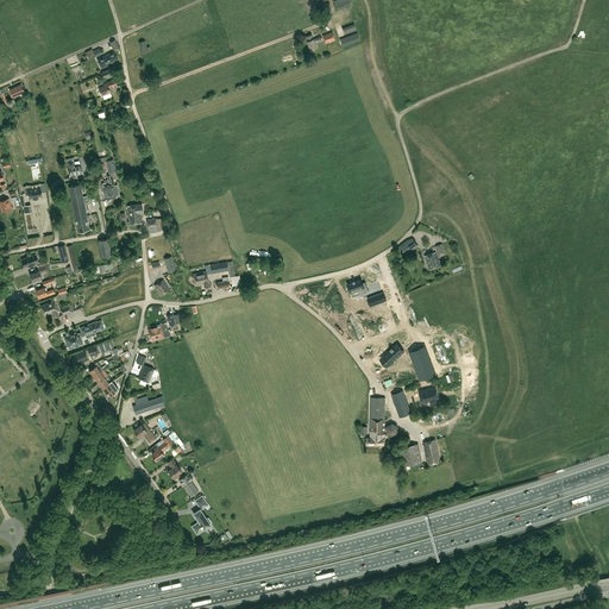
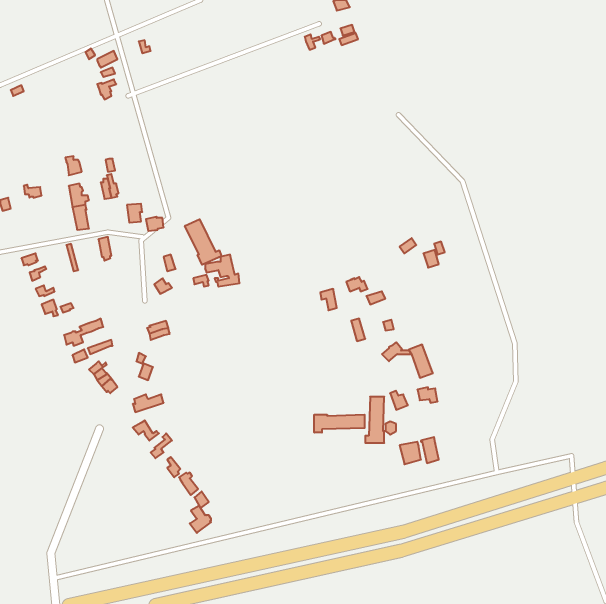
building: none -> [185,219,222,265]
building: none -> [314,415,365,433]

